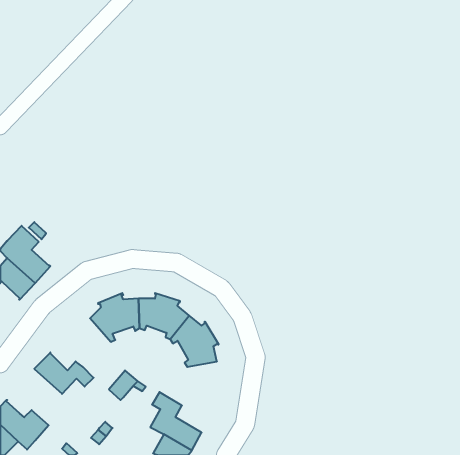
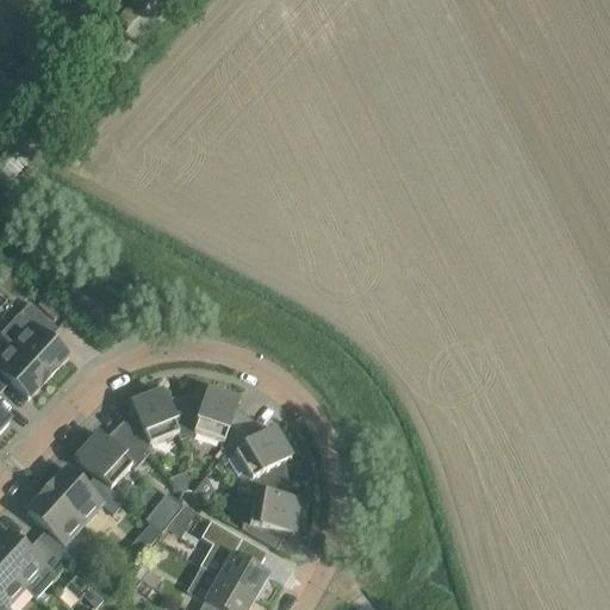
building: none -> [75,422,147,486]
building: none -> [241,479,298,548]
building: none -> [25,488,83,564]

